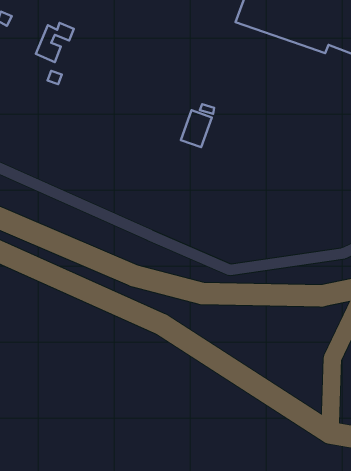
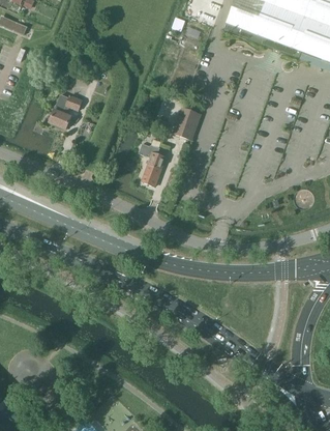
building: [36,23,74,62] -> [49,94,82,128]
building: none -> [138,138,164,185]

